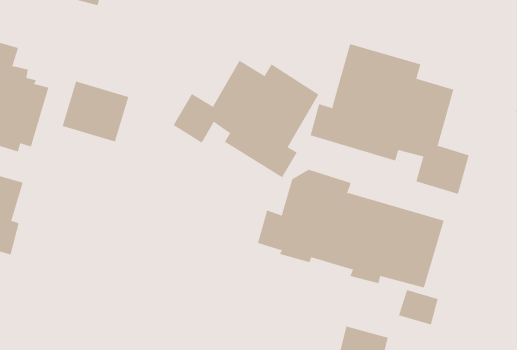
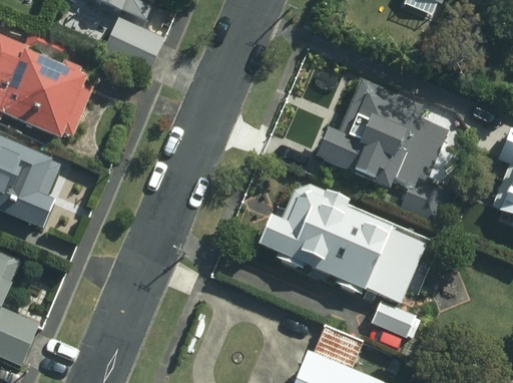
building: [173,60,319,178] -> none
building: [62,81,129,142] -> [103,17,165,75]

